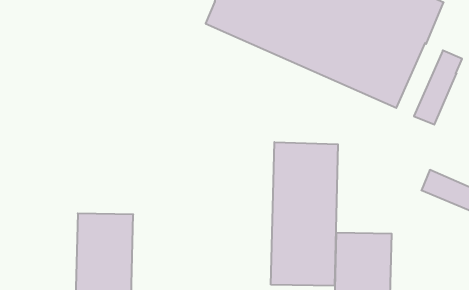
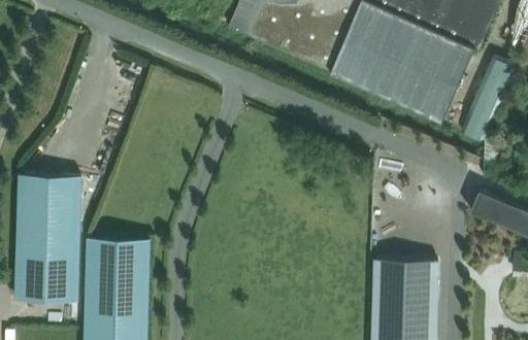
building: [271,142,338,286] -> none
building: none -> [14,174,80,301]

